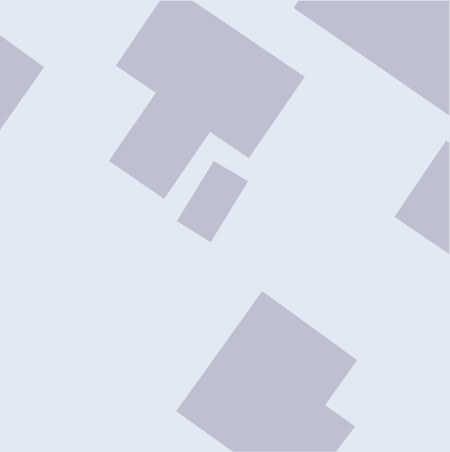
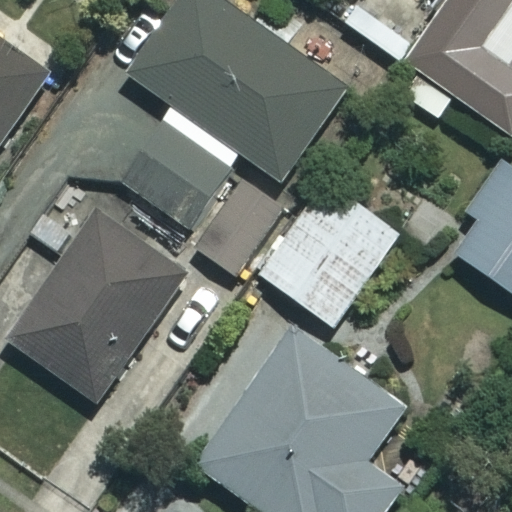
building: none -> [261,182,398,325]
building: none -> [9,212,185,401]

